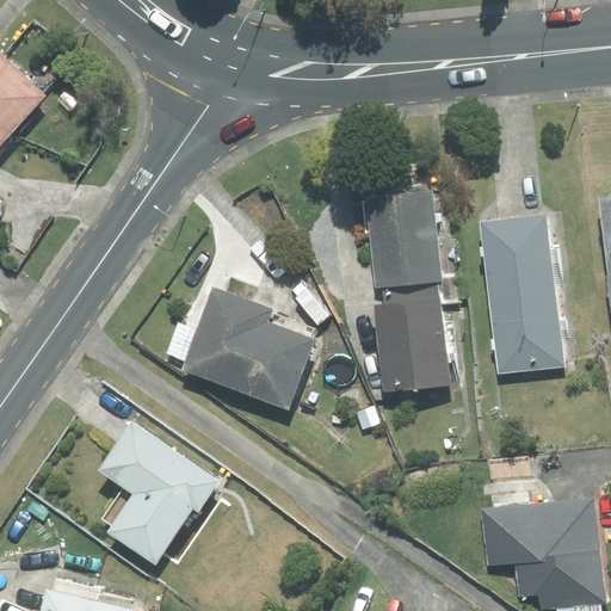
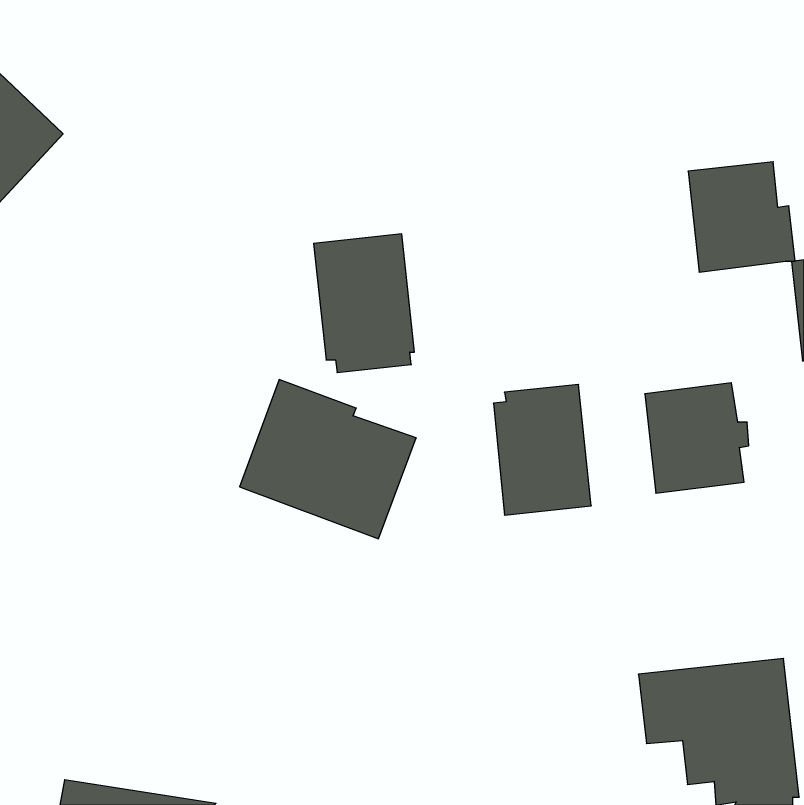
building: [364,192,440,297] -> [314,234,414,373]
building: [480,215,561,298] -> [688,162,795,272]
building: [106,425,232,564] -> none

